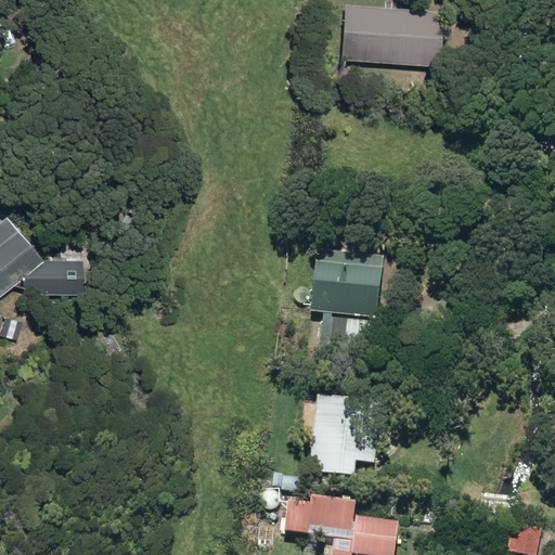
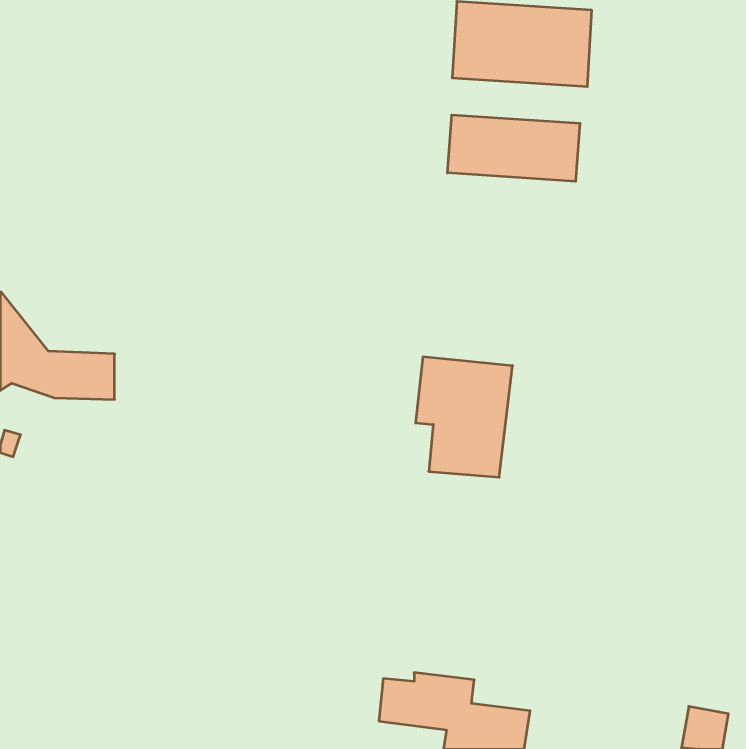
building: none -> [447,115,580,181]
building: [311,393,379,463] -> none

